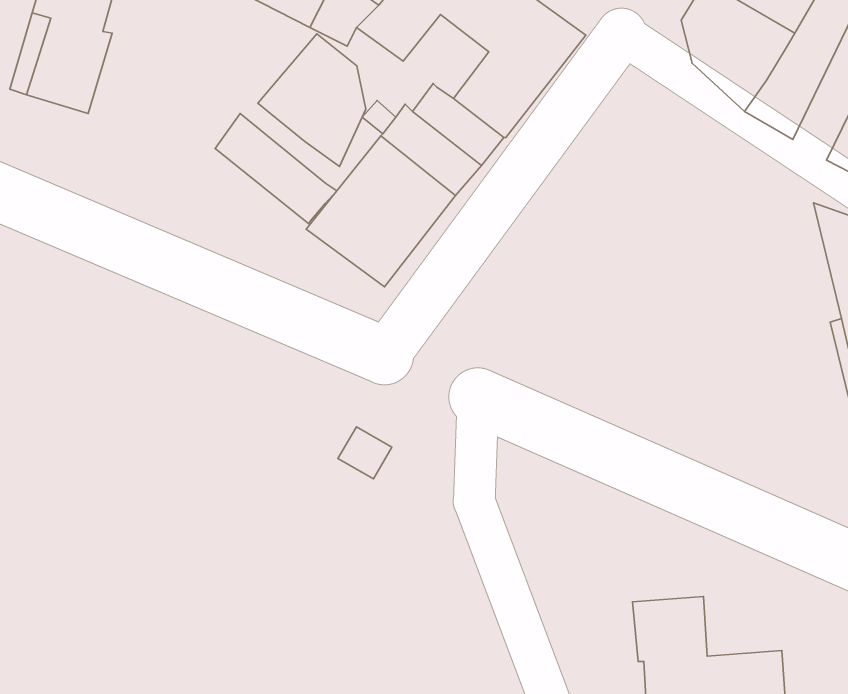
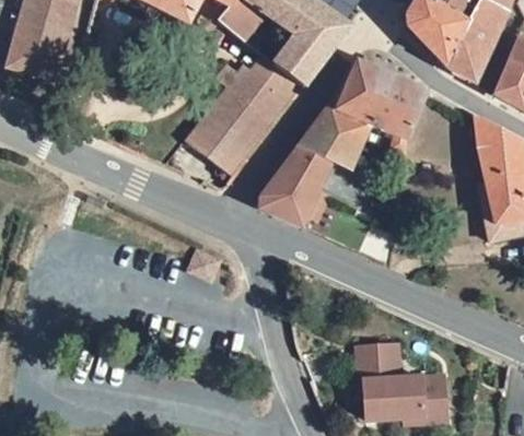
building: [258,34,366,167] -> none
building: none -> [251,57,417,221]
building: [215,114,337,224] -> none

